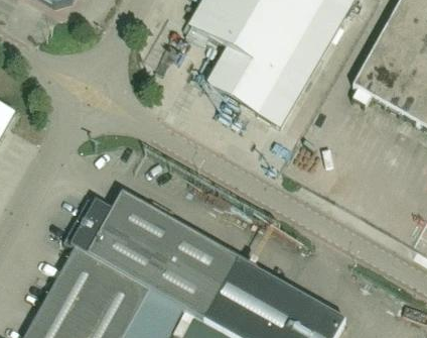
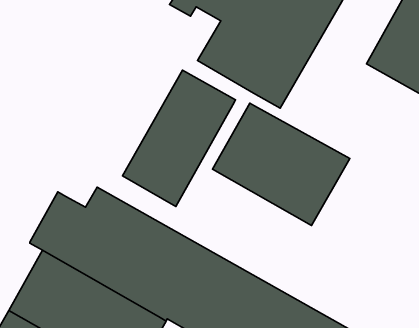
building: none -> [122,70,235,207]
building: none -> [213,103,350,225]

